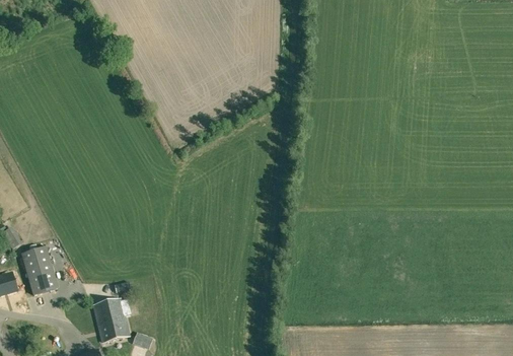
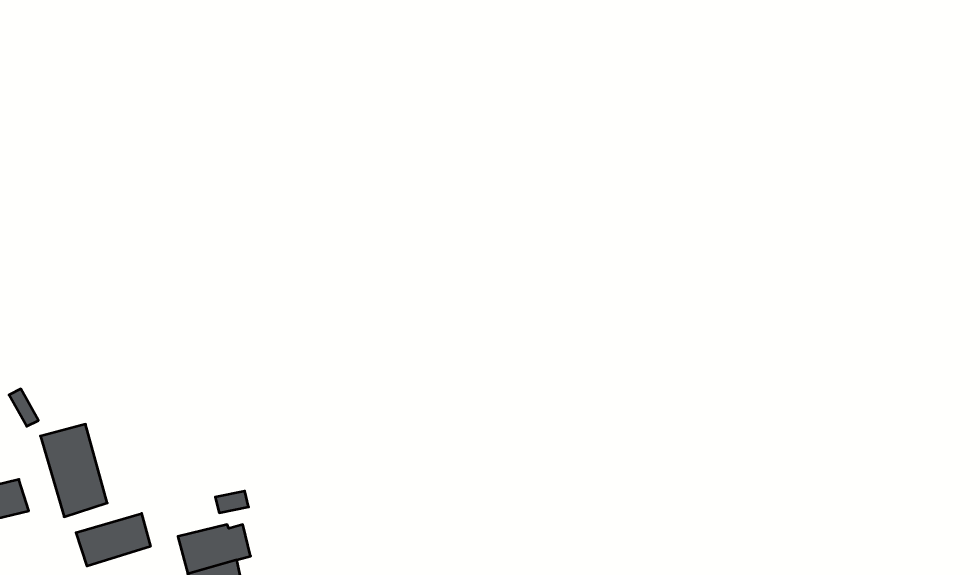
building: none -> [76,513,150,566]

